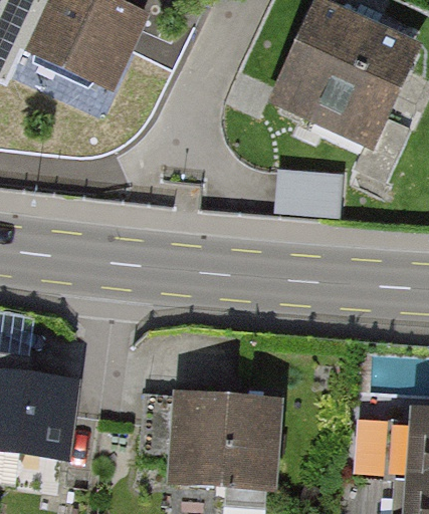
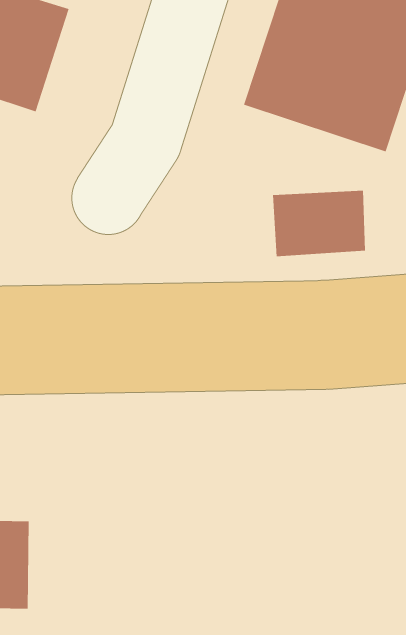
building: [167,396,272,488] -> none

